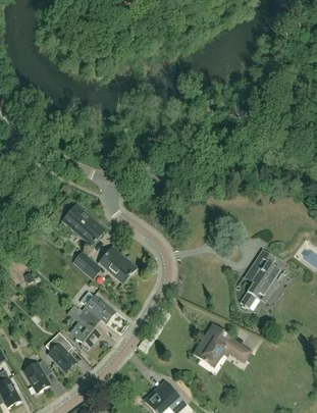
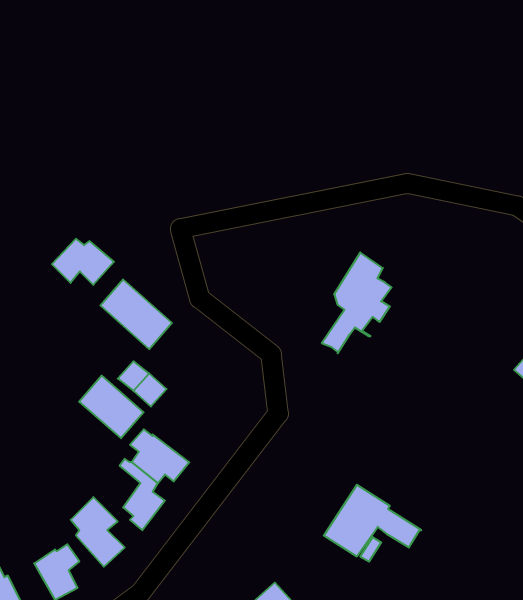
building: none -> [52,239,114,285]
building: [99,246,137,282] -> [79,376,144,438]
building: [240,249,280,308] -> [322,252,392,353]

